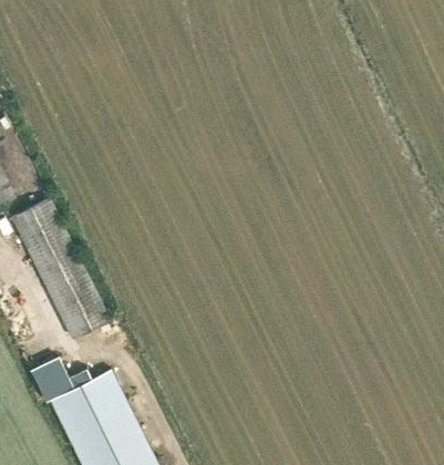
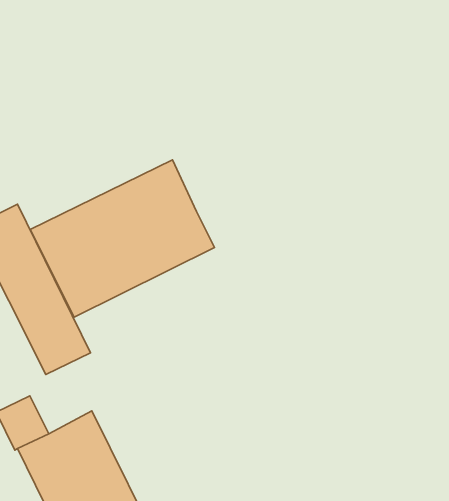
building: none -> [30,160,215,317]

